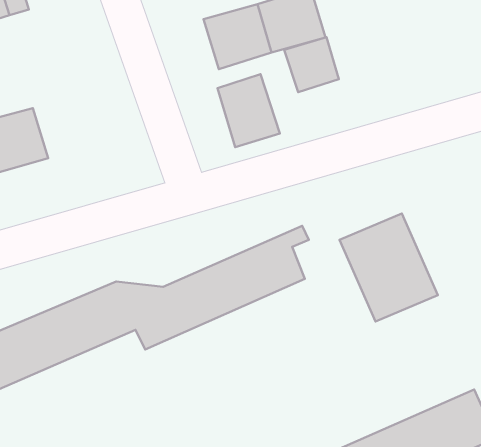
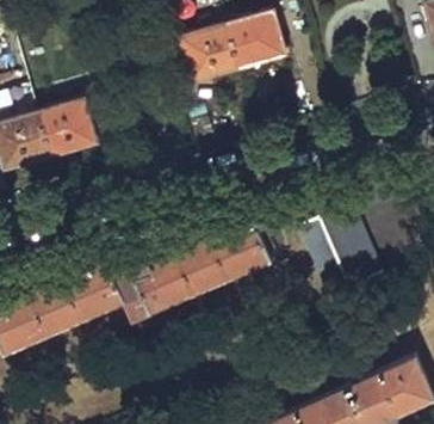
building: [284,37,339,92] -> none
building: [218,74,280,147] -> none
building: none -> [36,102,93,158]

